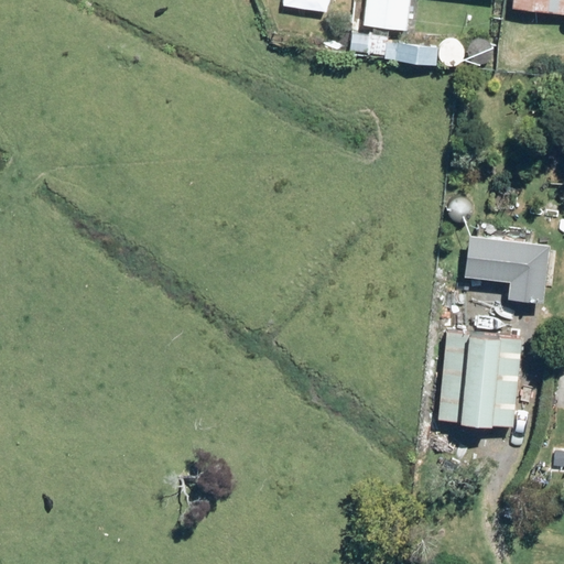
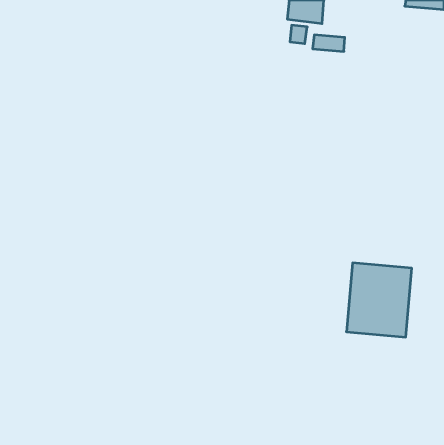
building: [465,239,549,303] -> none

